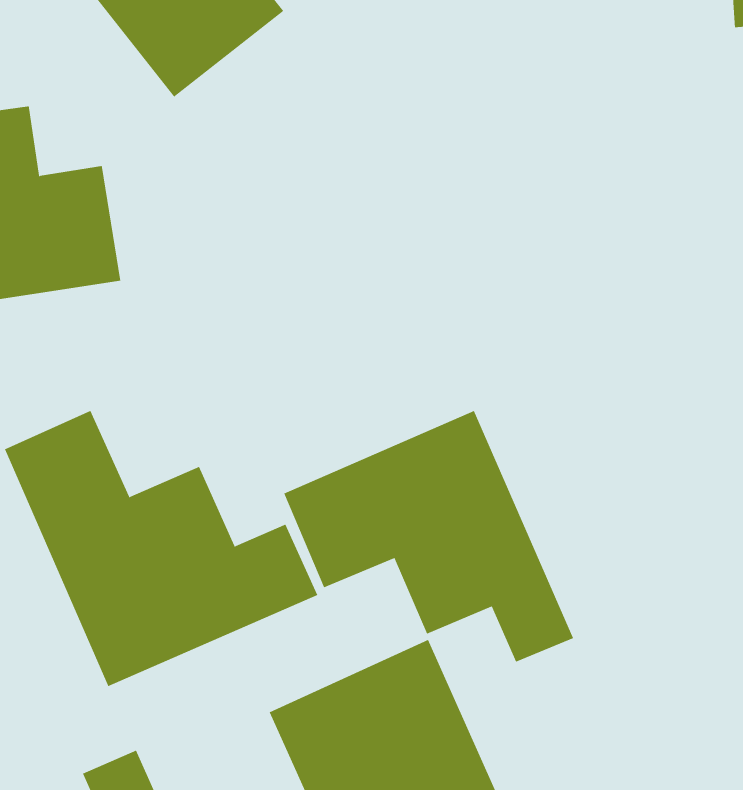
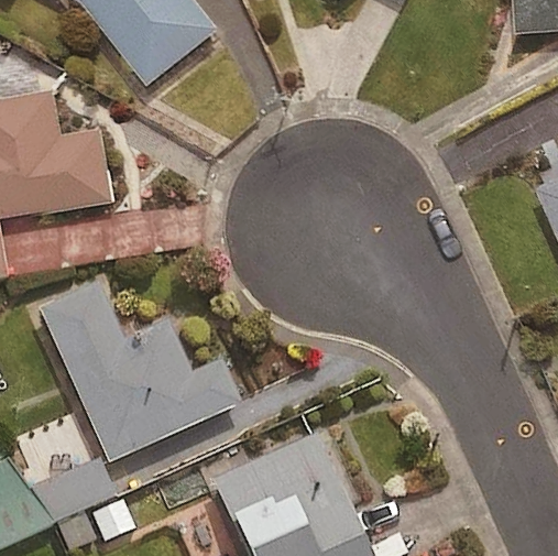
building: [284,410,574,663] -> none

